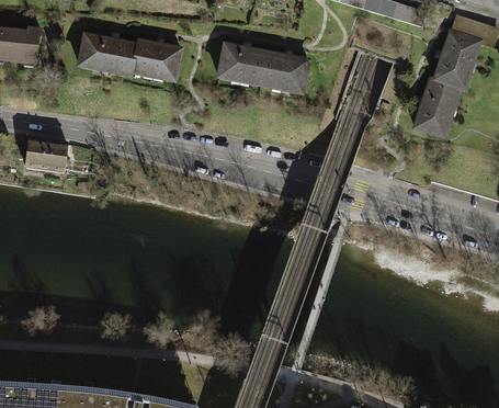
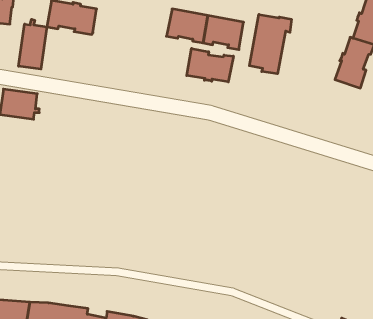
building: [133,41,181,79] -> none
building: none -> [249,14,291,74]
building: none -> [19,19,47,69]
building: none -> [187,48,233,82]

